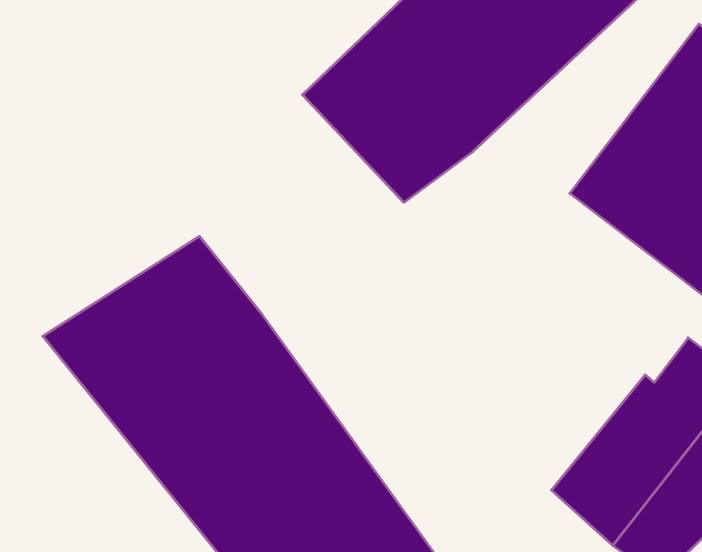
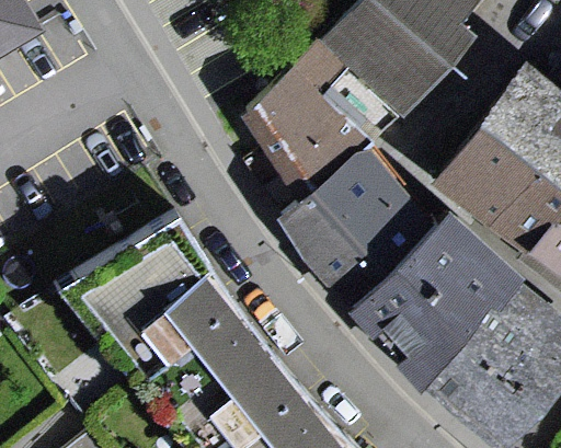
building: none -> [282,151,427,295]
building: none -> [348,215,524,392]

